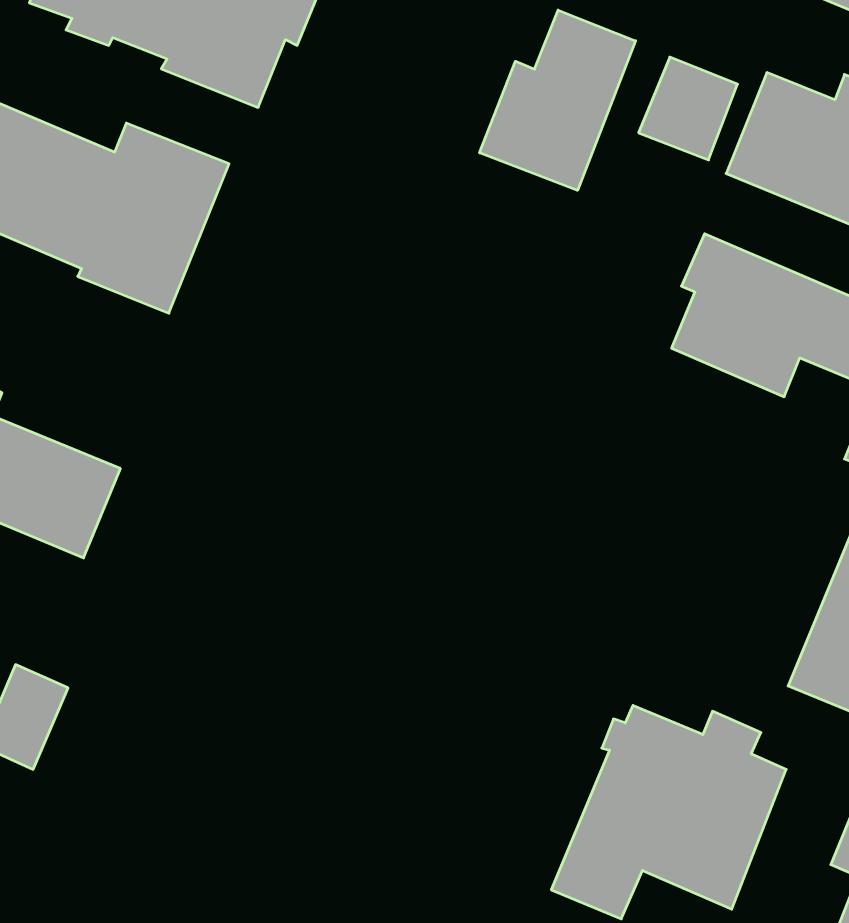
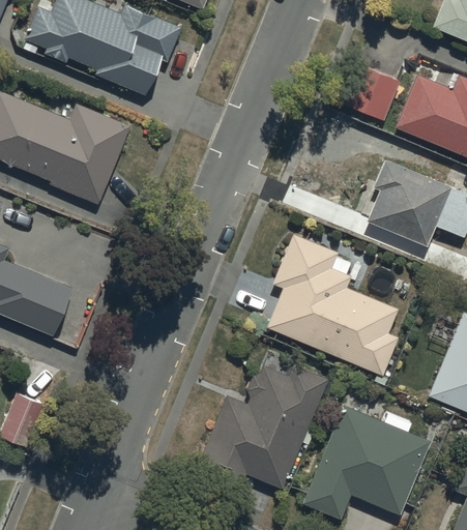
building: [480,10,636,190] -> none
building: none -> [267,239,399,380]
building: none -> [197,370,328,494]

